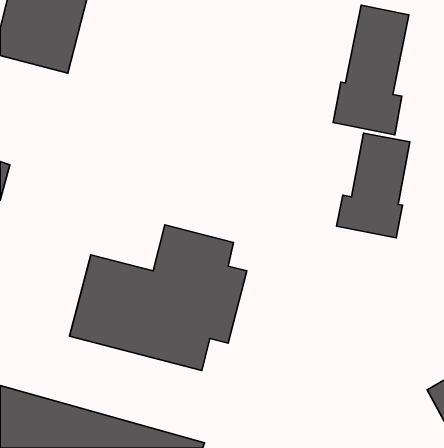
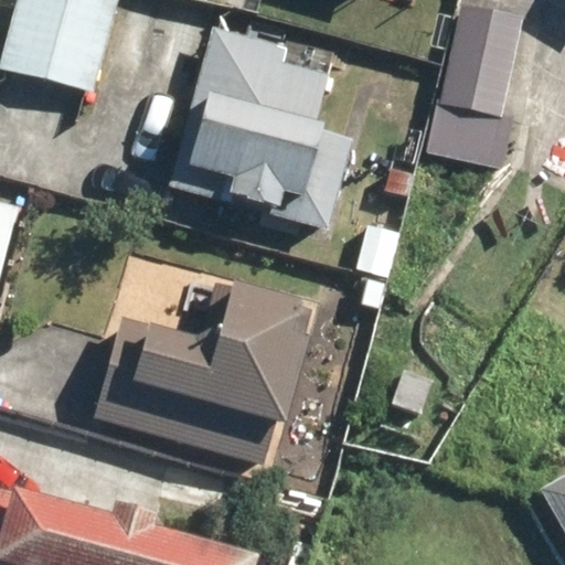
building: none -> [170,28,354,231]
building: [336,133,410,238] -> none

